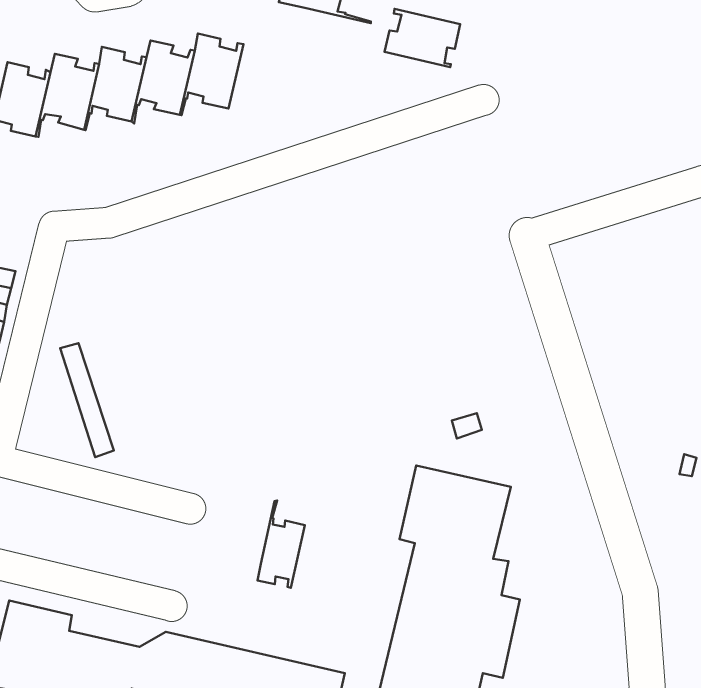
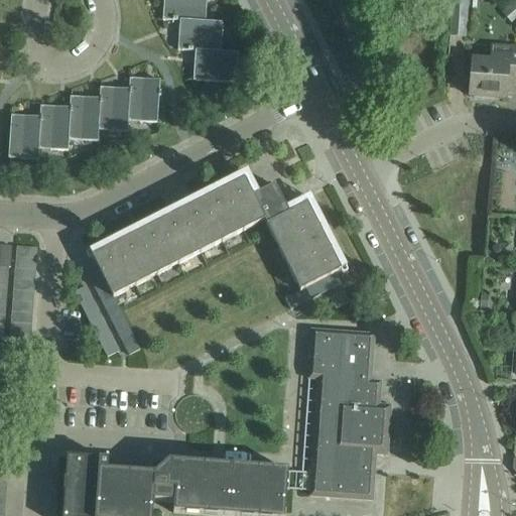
building: [385,9,460,67] -> [192,47,238,79]
building: none -> [85,175,341,352]
building: [257,500,305,588] -> none

